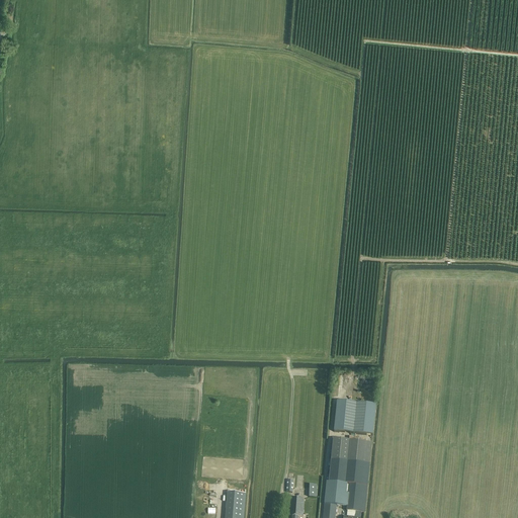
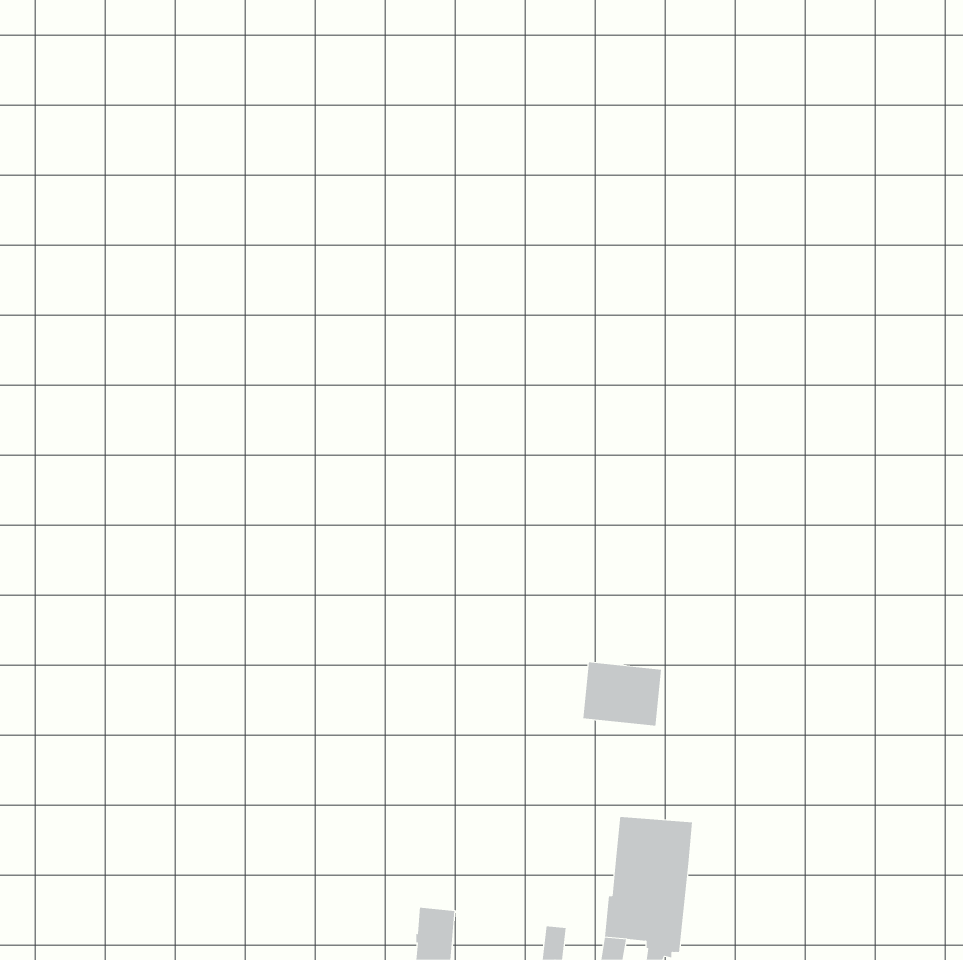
building: [333,399,375,433] -> [583,662,662,726]

